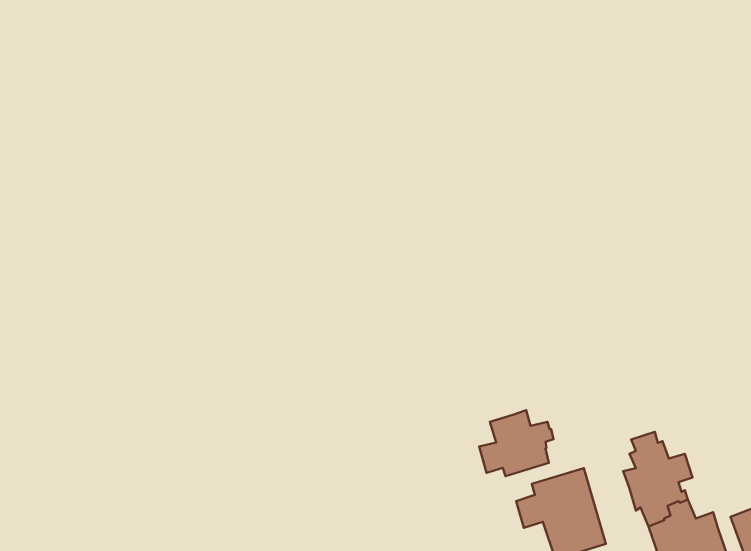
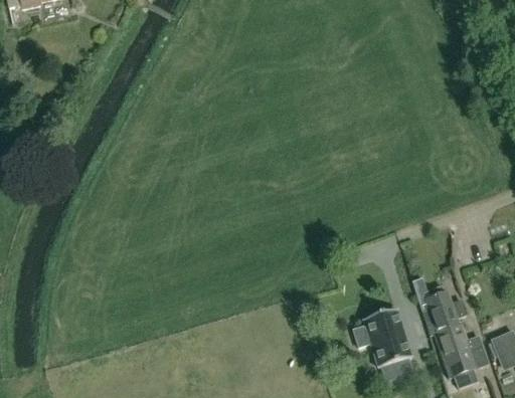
building: [479,410,554,476] -> none

